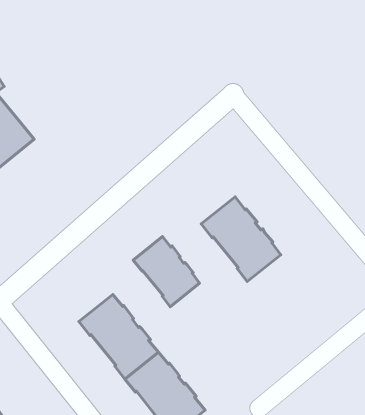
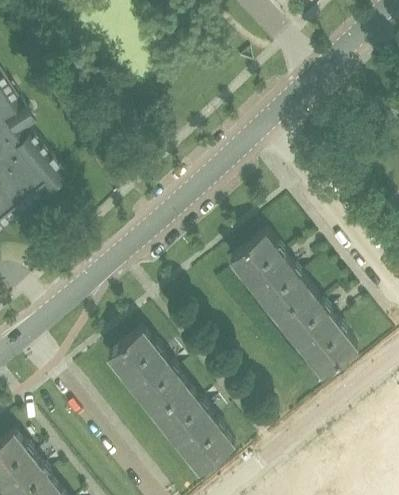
building: [133,236,200,307] -> none
building: none -> [275,293,356,379]

